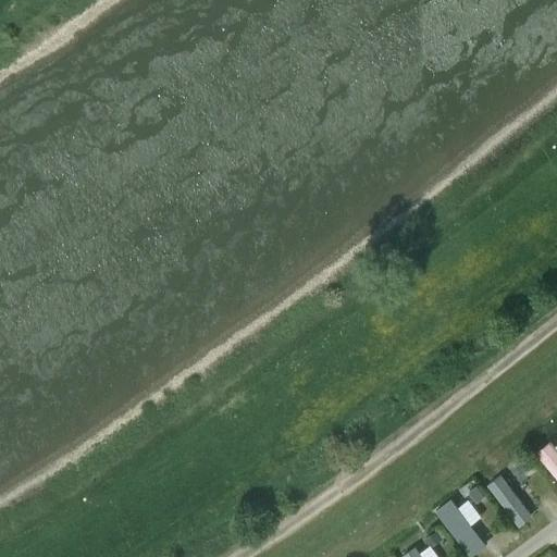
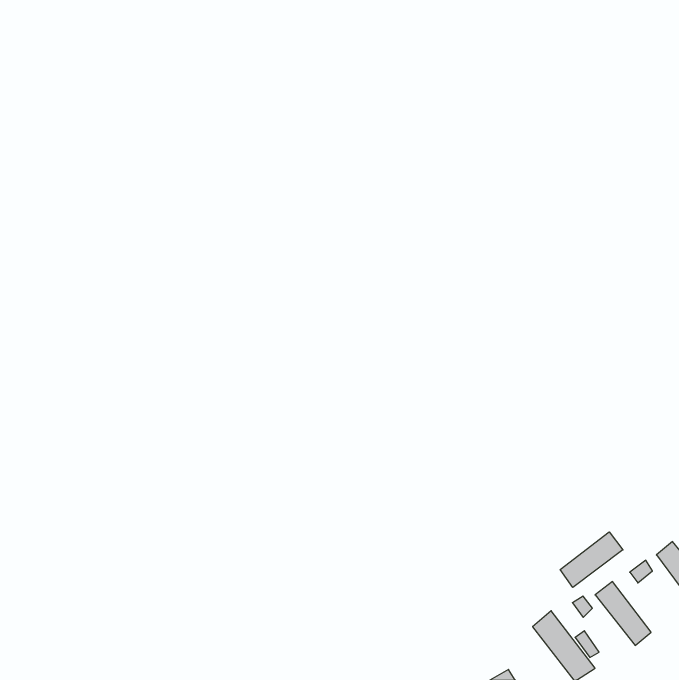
building: none -> [560,532,623,587]

